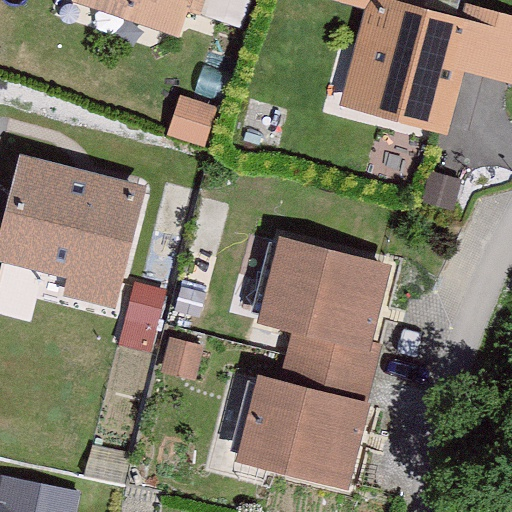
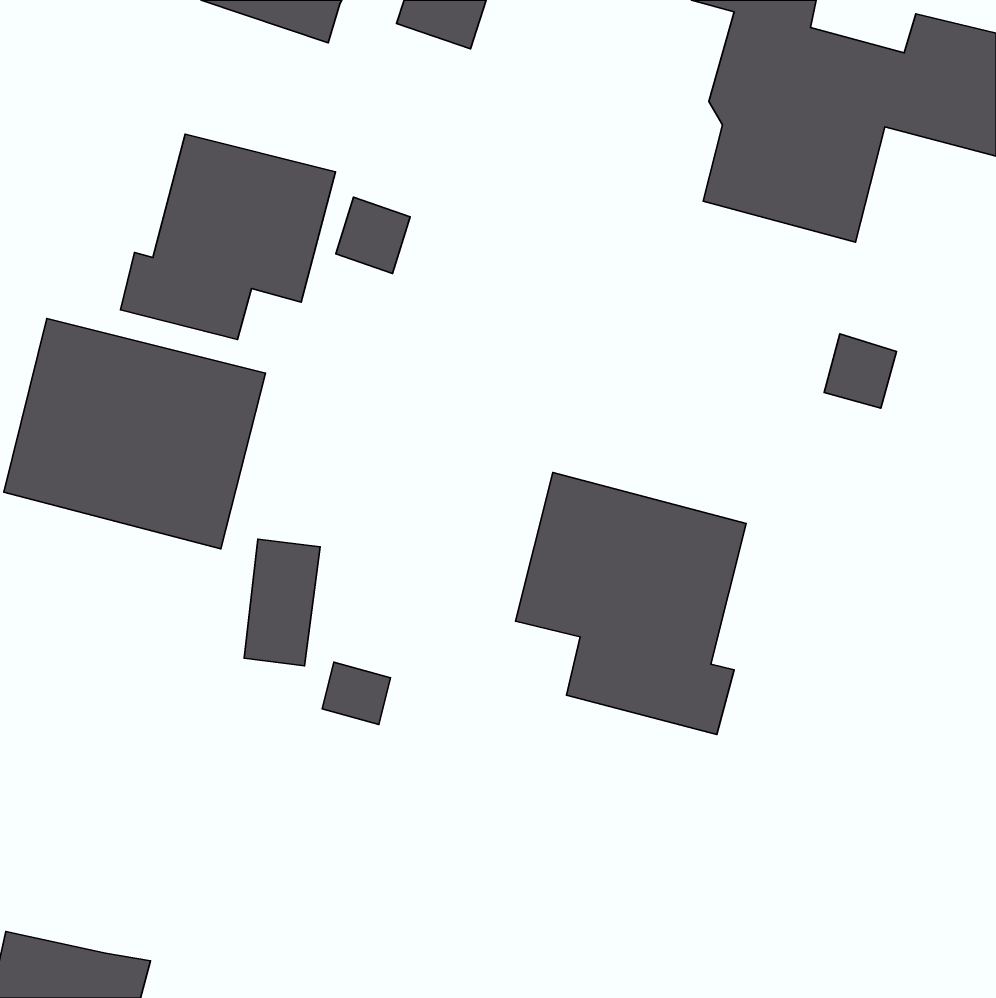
building: none -> [121,134,336,340]
building: [243,356,367,481] -> none

